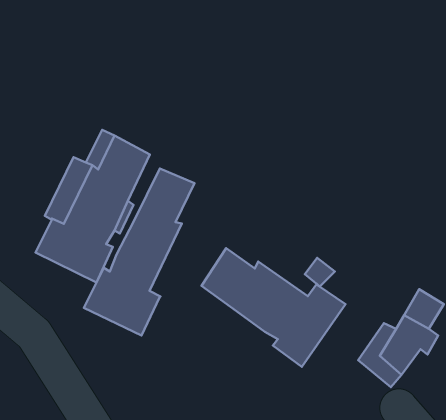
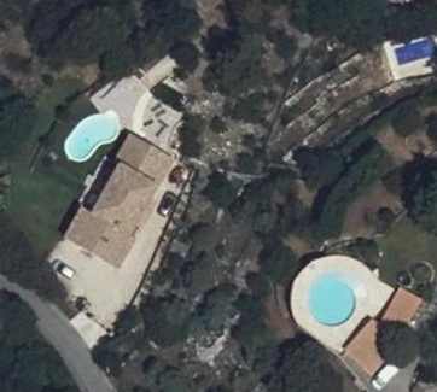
building: [84,169,195,336] -> none
building: [202,248,345,367] -> none

